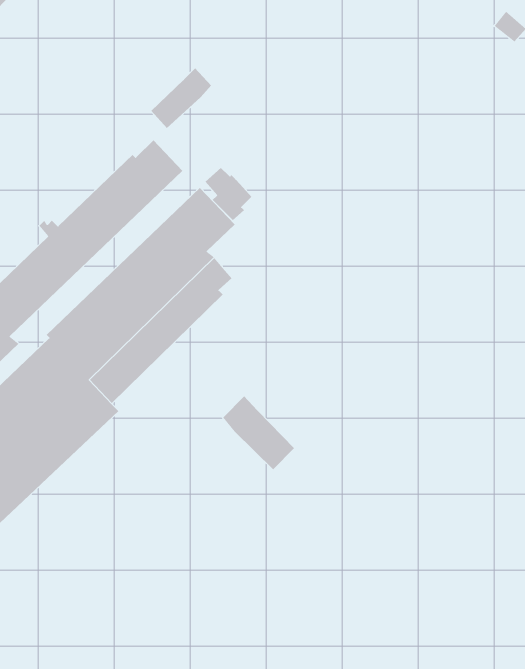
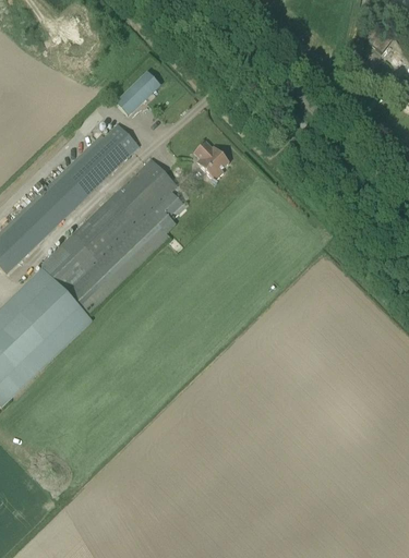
building: [204,167,252,221] -> [194,140,229,179]
building: [223,396,295,470] -> none

